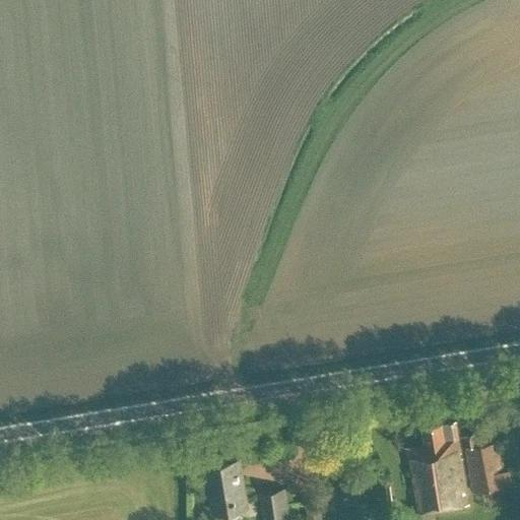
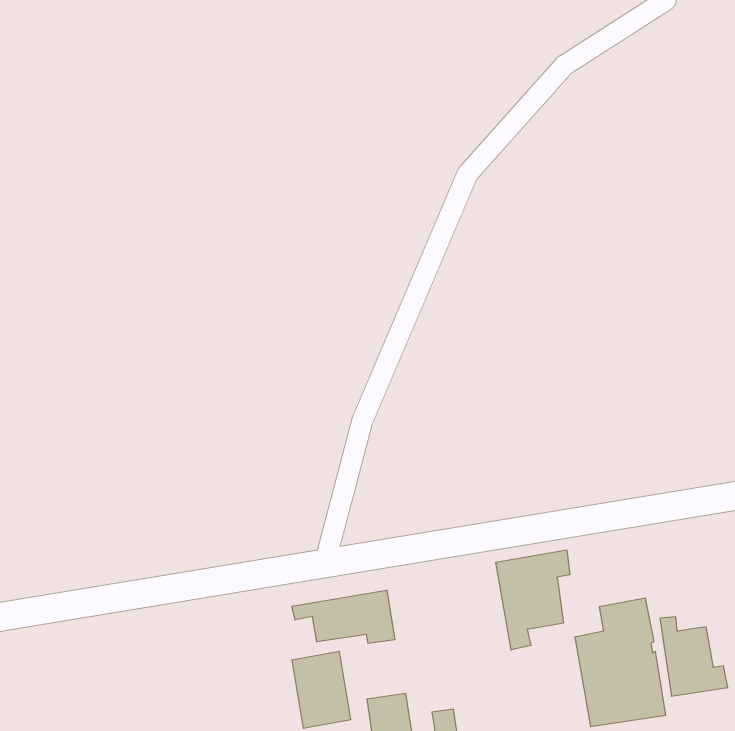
building: none -> [496,550,570,650]
building: none -> [292,590,395,643]

